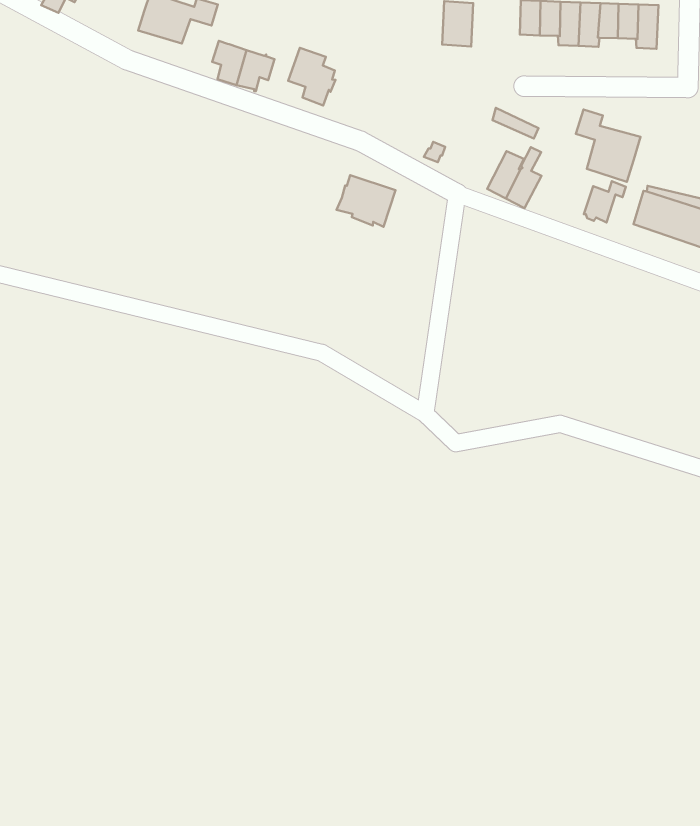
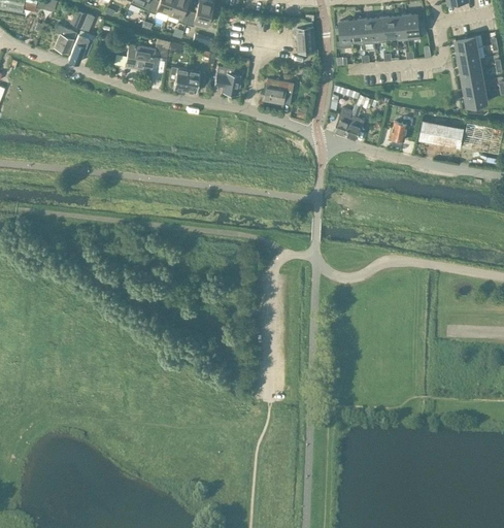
building: [576,109,641,182] -> none
building: [336,175,395,227] -> [262,77,294,104]

